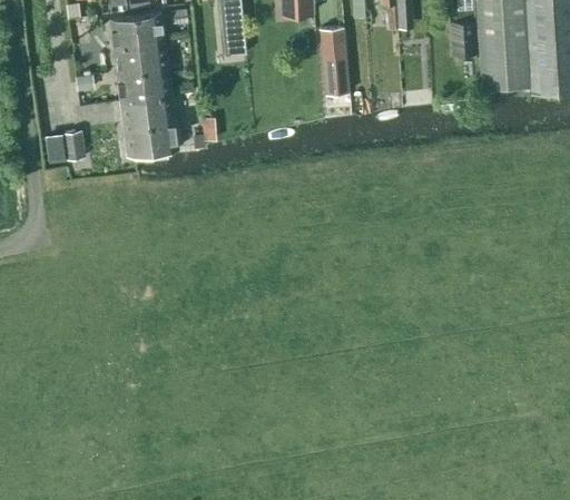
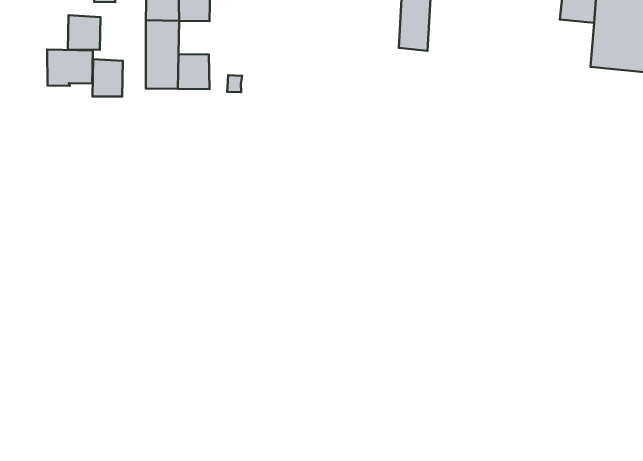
building: [147,92,175,122] -> none
building: none -> [68,15,101,50]
building: none -> [92,59,123,96]

